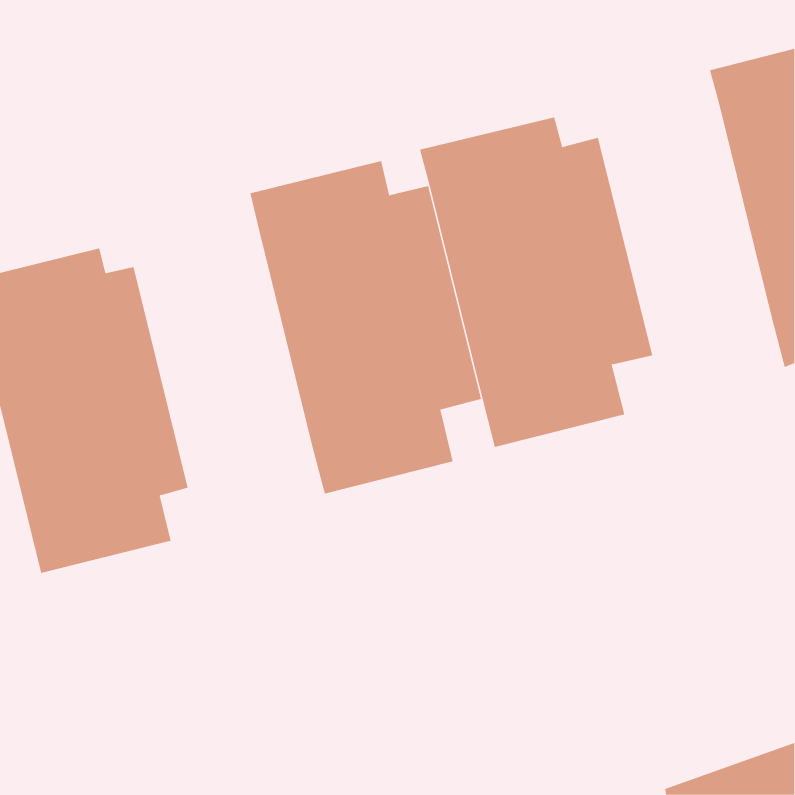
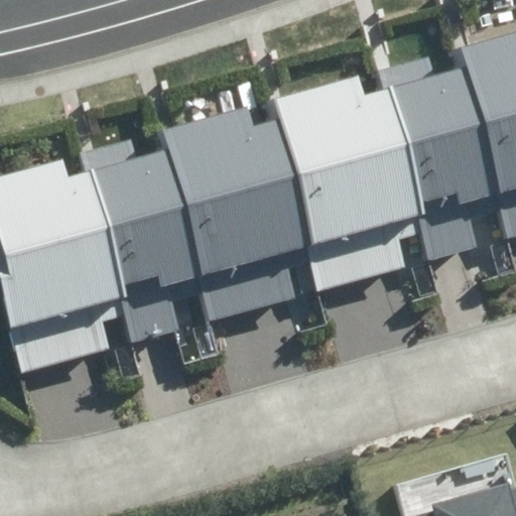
building: none -> [382,54,499,258]
building: none -> [82,140,202,342]

